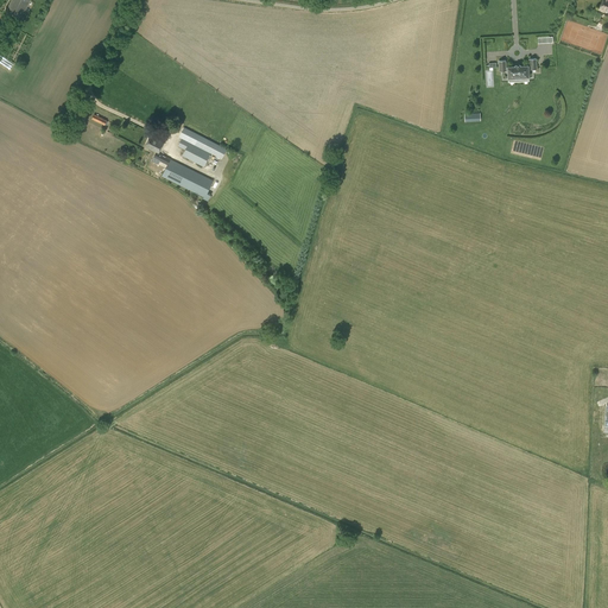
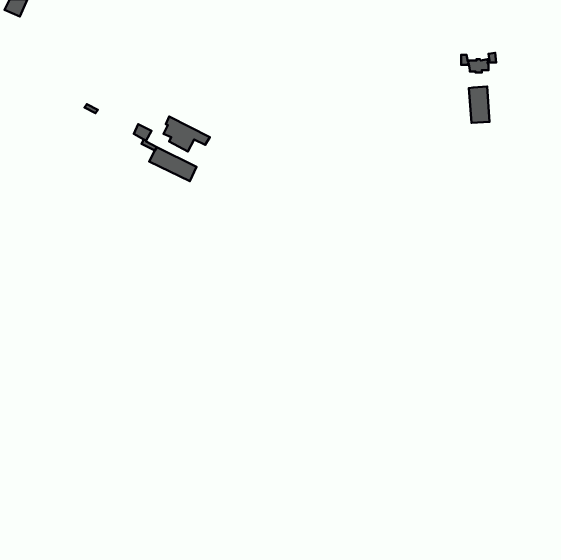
building: none -> [469,87,490,123]

